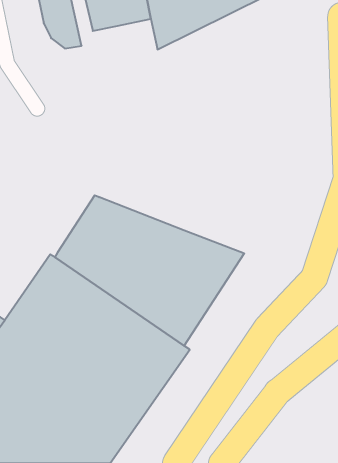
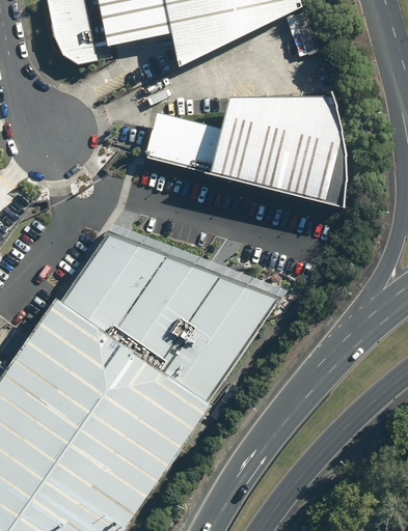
building: none -> [143,93,347,204]

